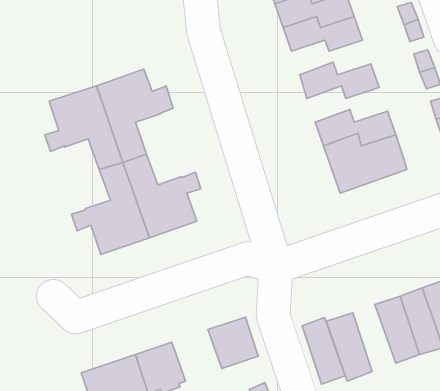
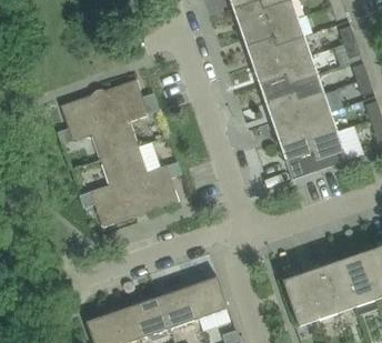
building: none -> [254,56,318,83]
building: none -> [267,92,331,121]
building: [302,317,345,384] -> [303,266,338,320]
building: none -> [159,286,199,327]

